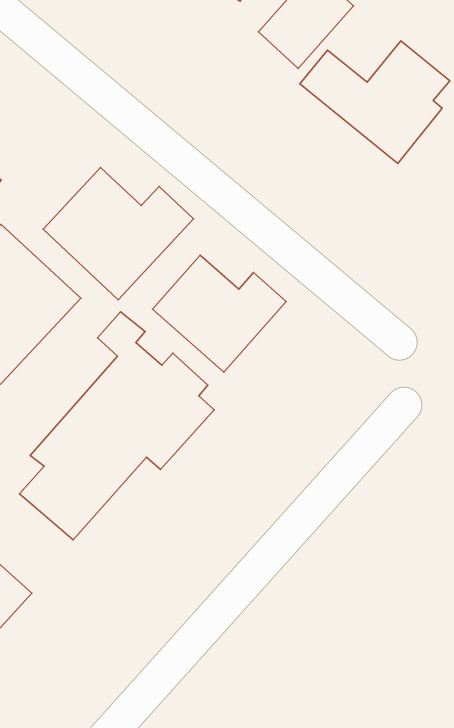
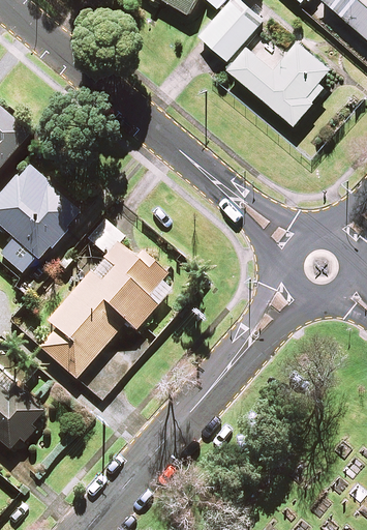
building: [43,168,193,300] -> none
building: [153,255,286,372] -> none

